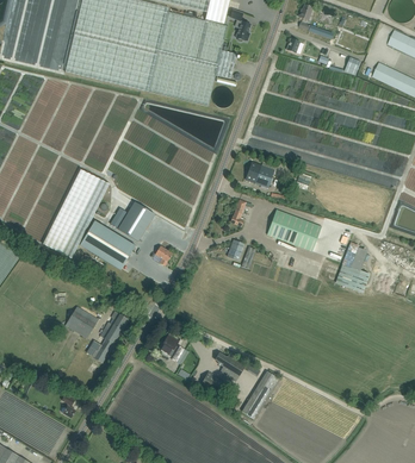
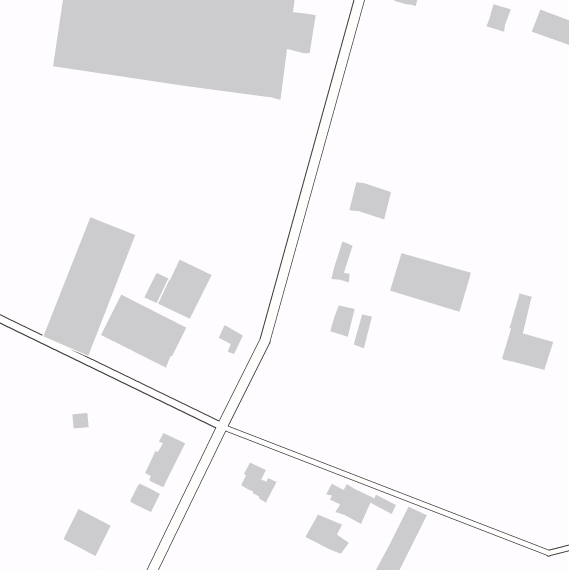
building: [66,306,98,338] -> [62,508,112,557]

